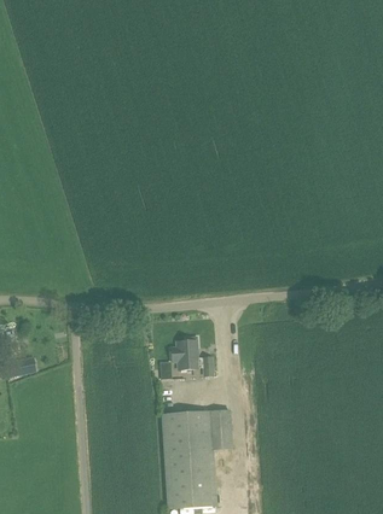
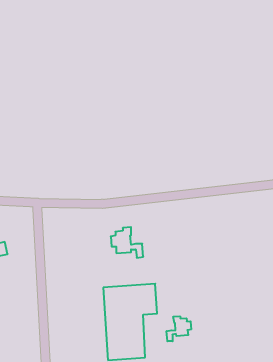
building: none -> [167,316,191,341]

